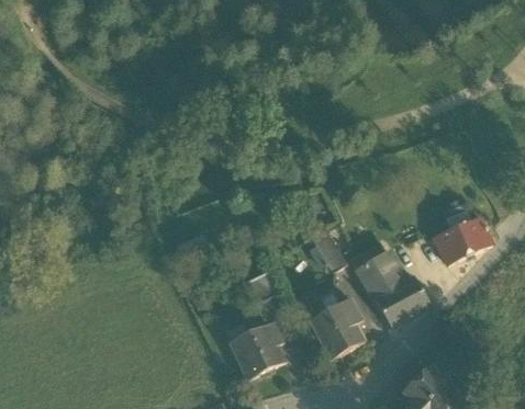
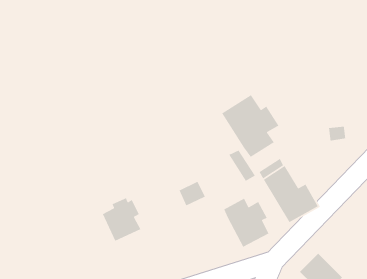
building: none -> [221,94,280,158]
building: [436,218,491,263] -> none
building: [232,322,284,382] -> [102,197,141,242]

